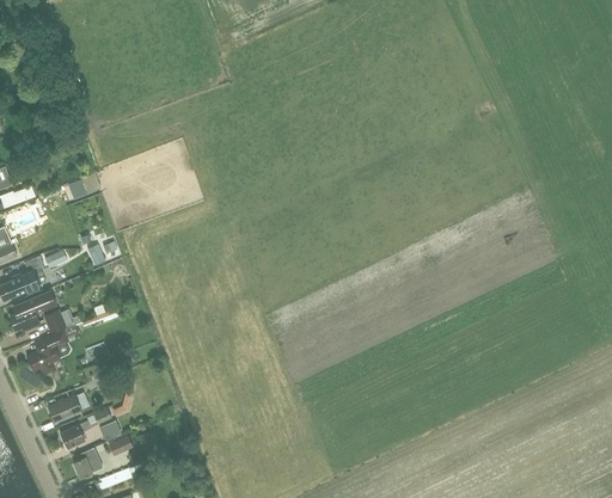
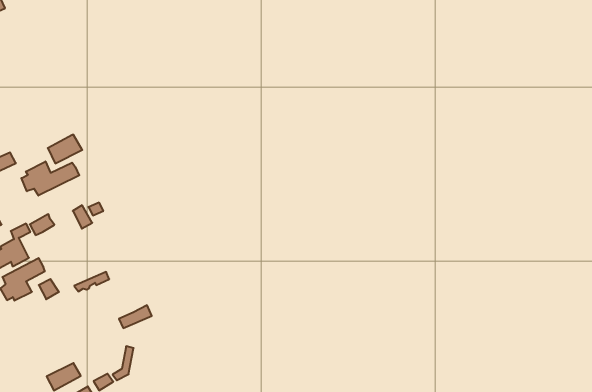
building: none -> [21,161,79,196]
building: [26,325,79,371] -> none

